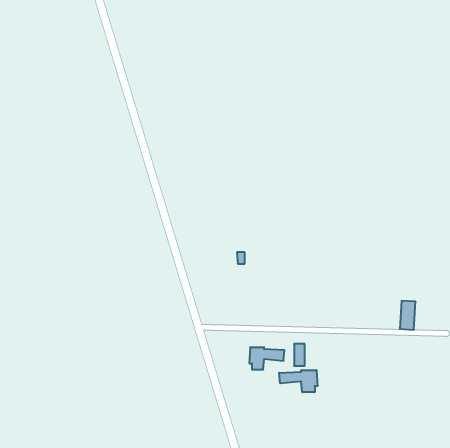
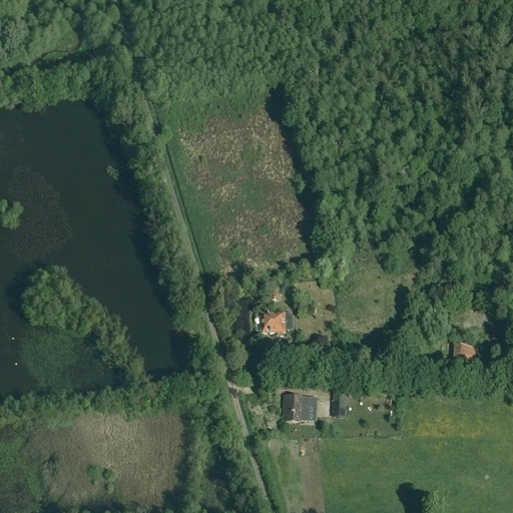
building: none -> [262,313,285,332]
building: [279,370,318,392] -> none

